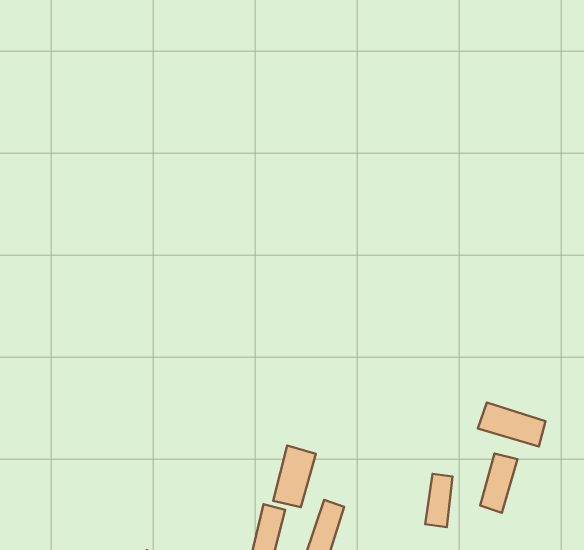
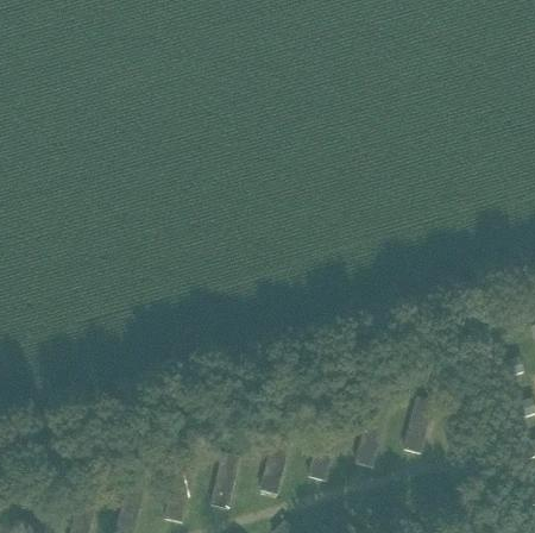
building: [478,403,545,446] -> none
building: [273,445,316,507] -> none

